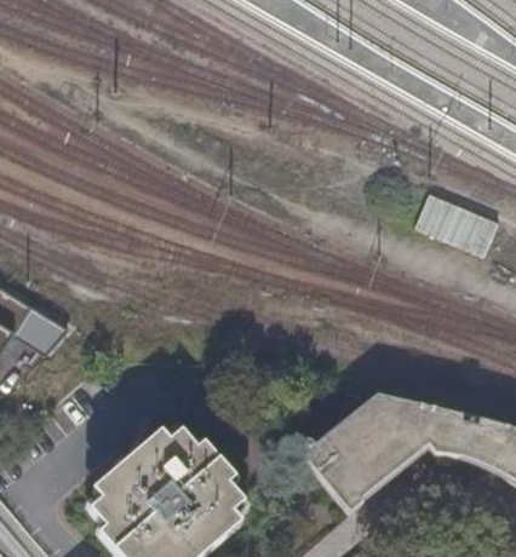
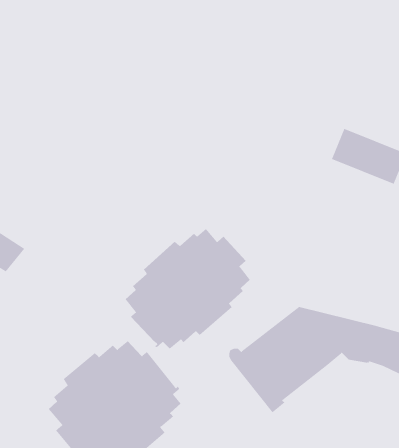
building: none -> [125,228,250,350]

